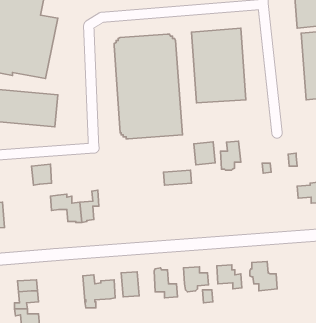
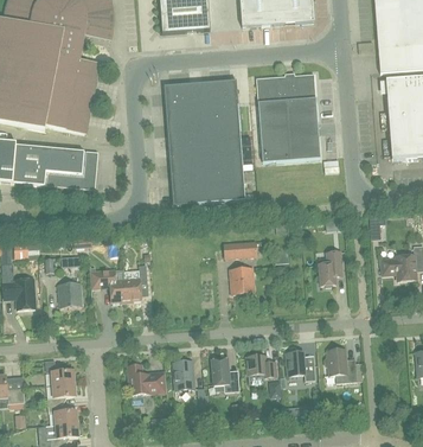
building: [221,141,241,170] -> [319,251,342,286]
building: [194,142,215,165] -> [229,267,254,294]
building: [32,164,52,185] -> [58,282,82,307]

